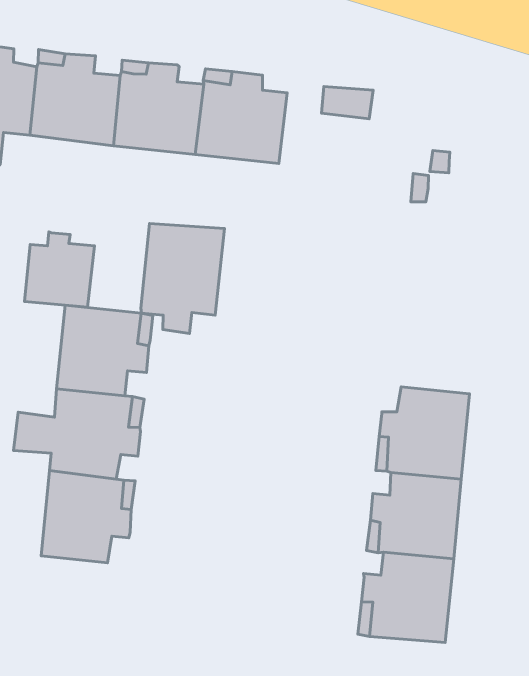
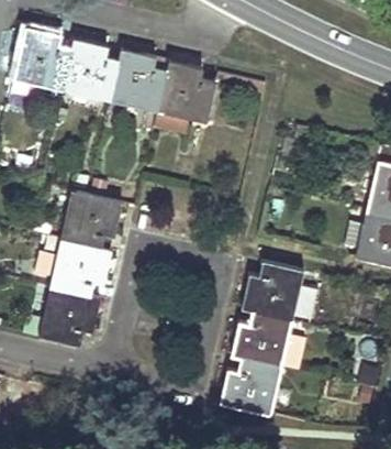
building: [141,224,224,334] -> none
building: [24,232,95,307] -> none

